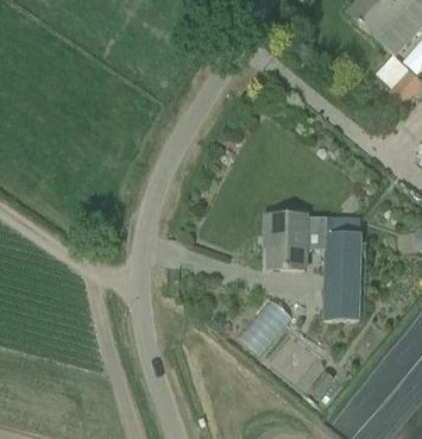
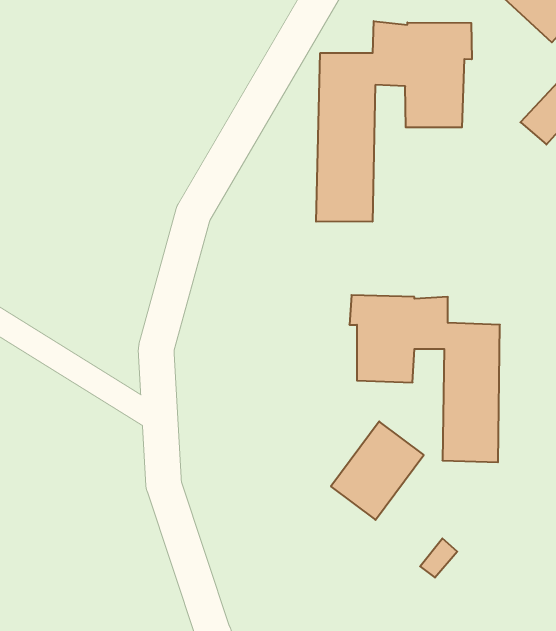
building: none -> [316,21,472,222]

